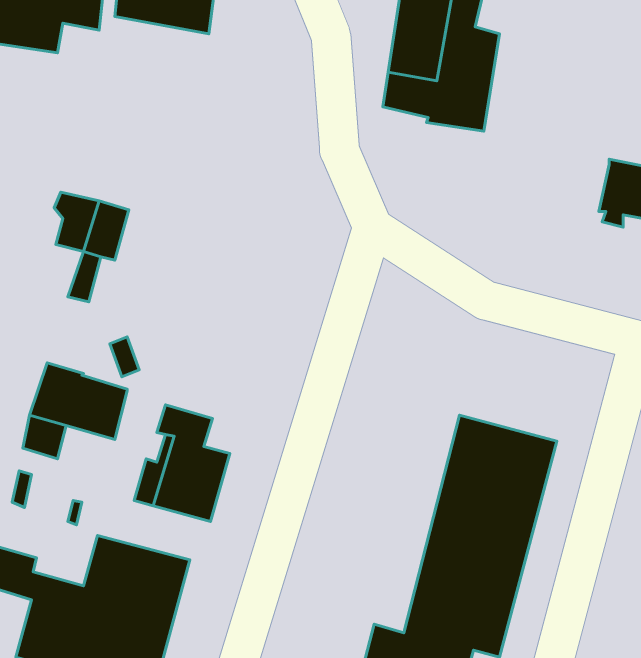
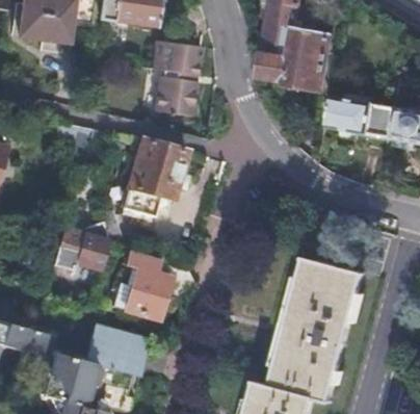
building: none -> [149,43,196,119]
building: none -> [323,92,395,135]
building: none -> [123,140,189,214]

